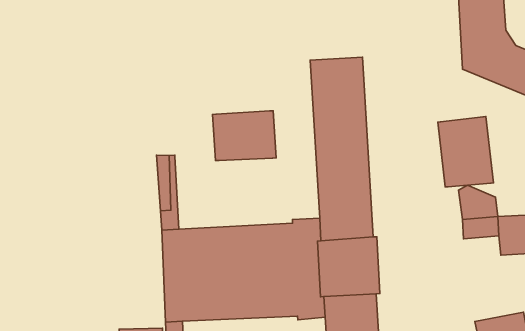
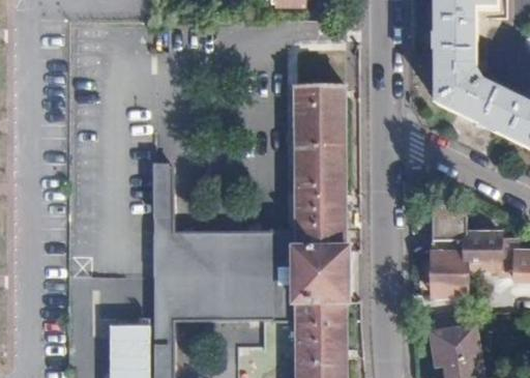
building: [213,111,276,161] -> none
building: [438,117,493,187] -> none
building: none -> [426,254,460,297]

